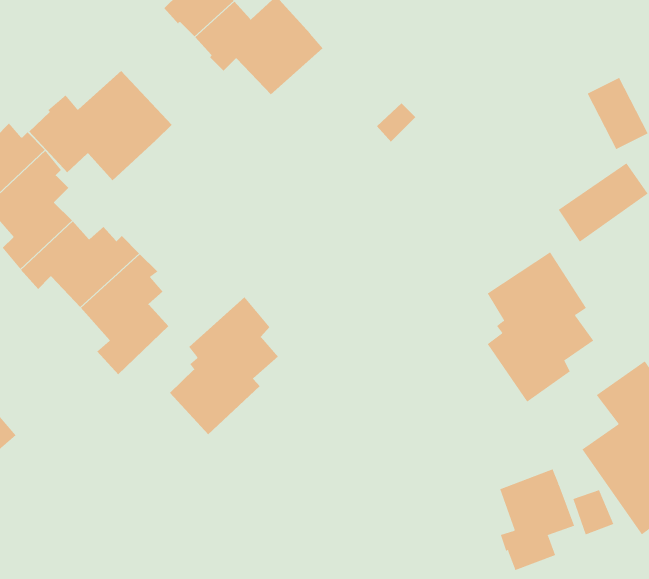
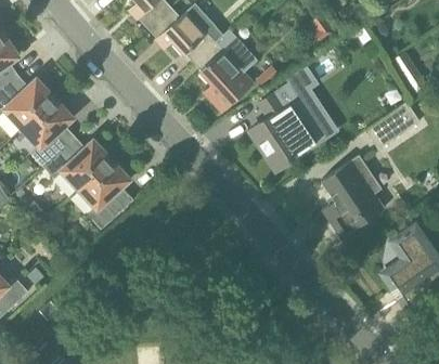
building: none -> [193,28,259,112]
building: [28,70,173,181] -> none
building: none -> [251,70,325,170]
building: [169,296,279,435] -> none
building: [500,469,575,571] -> none

